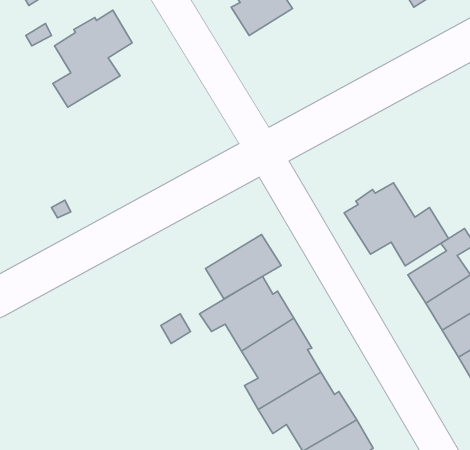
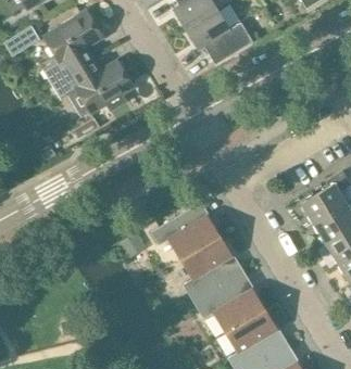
building: none -> [186,10,253,64]
building: none -> [54,59,133,111]
building: [344,183,449,266] -> none
building: [206,234,281,299] -> none

